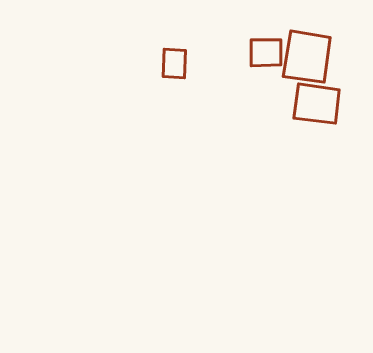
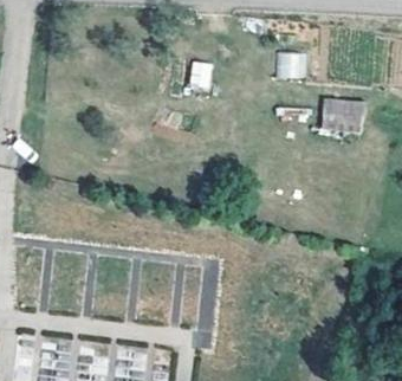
building: [283,31,330,82] -> none

